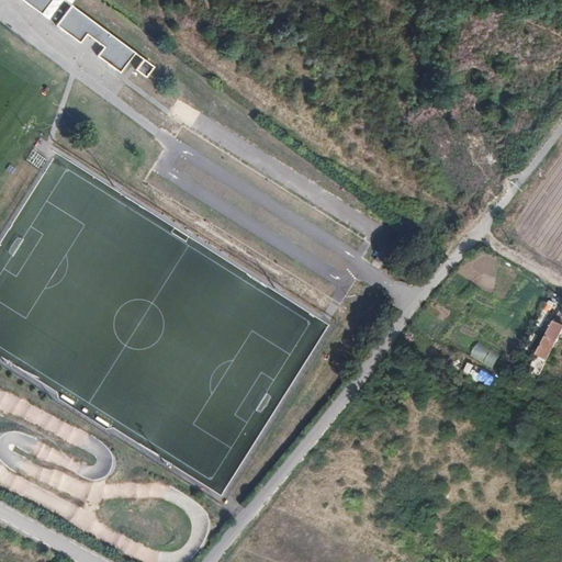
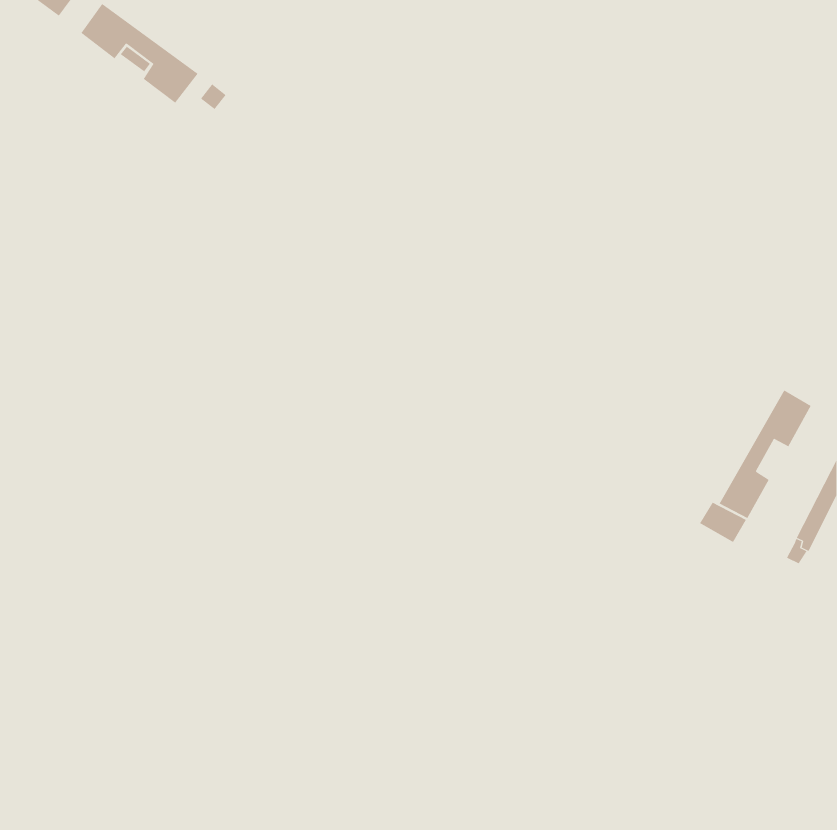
building: none -> [719,390,811,519]

